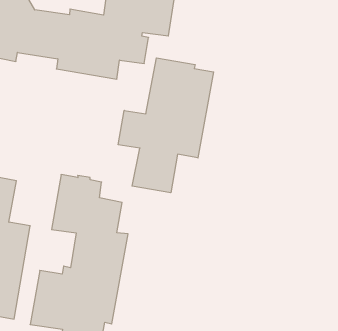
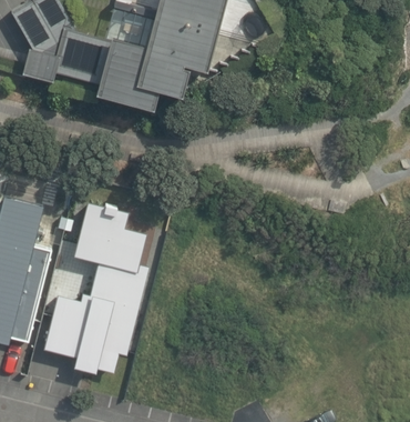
building: [118,58,214,193] -> none

